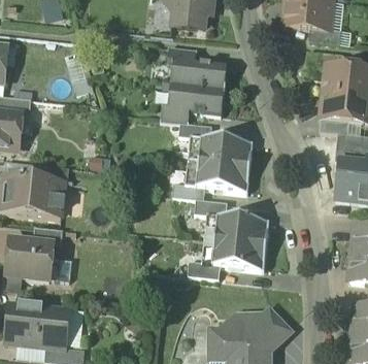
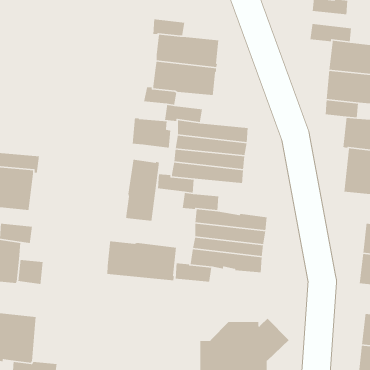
building: none -> [132,117,171,149]
building: none -> [125,159,160,221]
building: none -> [106,240,177,281]

